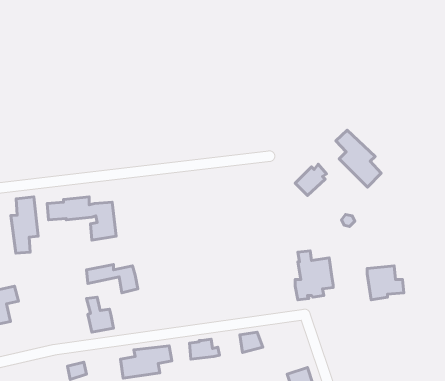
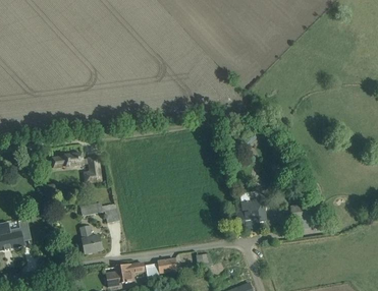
building: [336,130,381,187] -> none
building: [11,197,38,253] -> none

